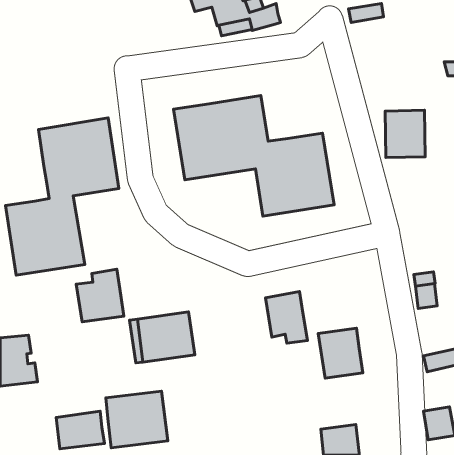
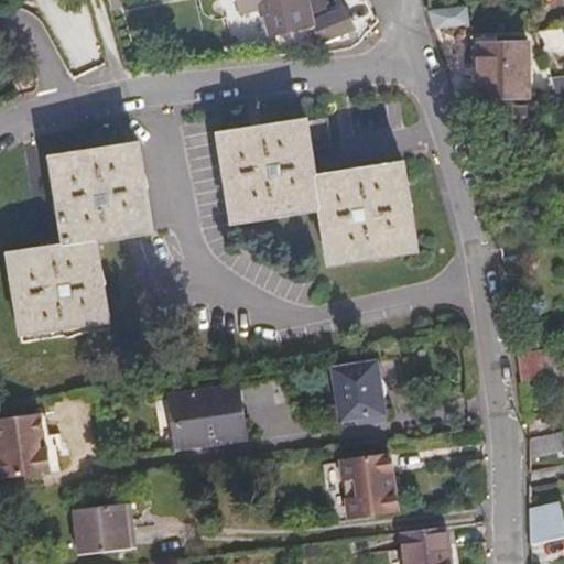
building: [385,110,425,158] -> [478,42,528,100]
building: [76,269,124,322] -> none
building: [318,328,363,378] -> [340,455,395,517]
building: [106,391,168,448] -> none

